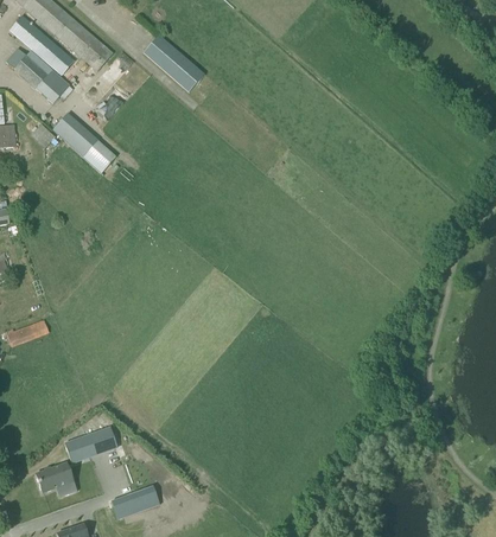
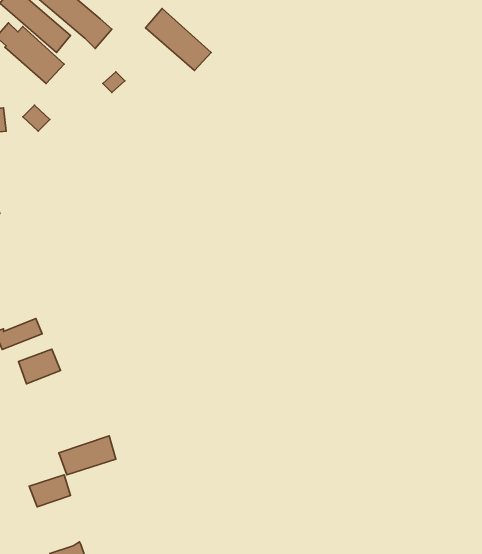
building: [52,110,116,172] -> none
building: none -> [19,349,61,384]
building: [113,484,164,517] -> none

